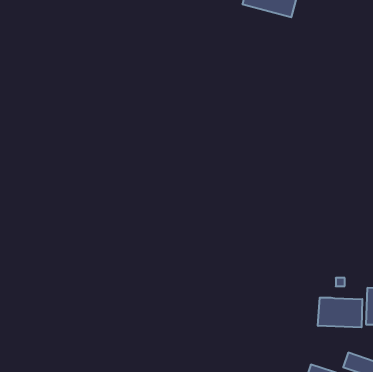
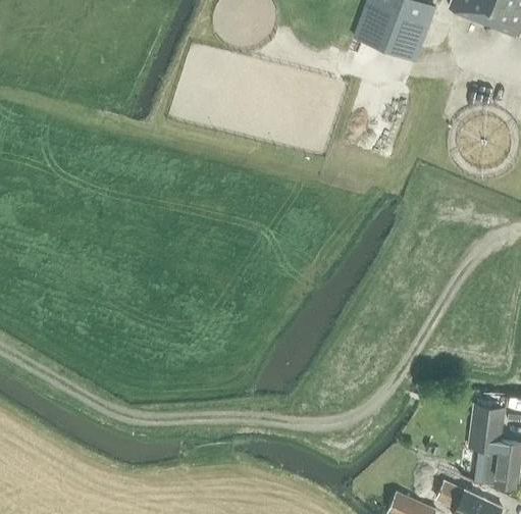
building: [318,298,362,327] -> none

